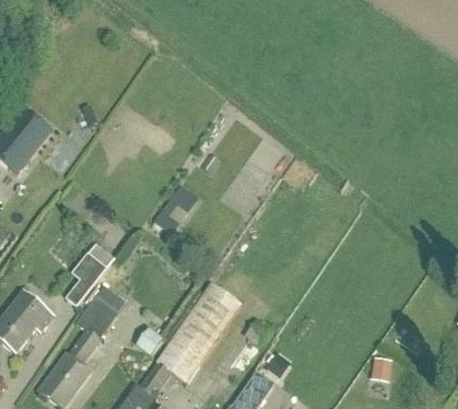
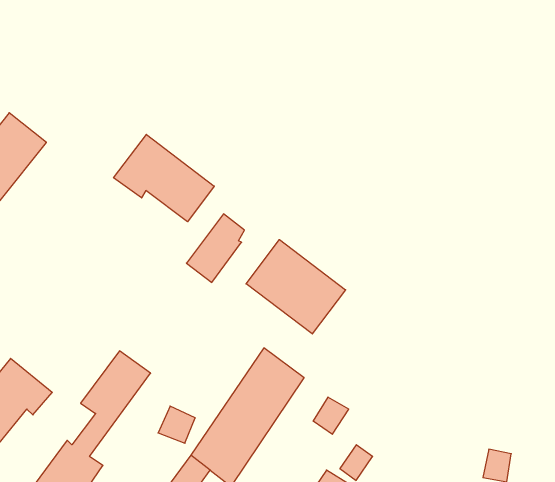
building: none -> [114,134,214,222]
building: none -> [246,240,346,334]
building: [67,243,114,306] -> none

